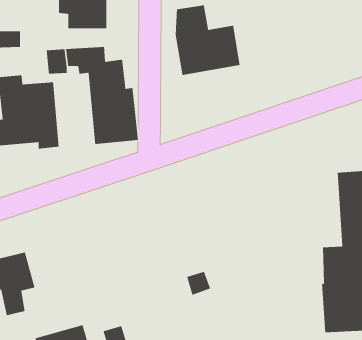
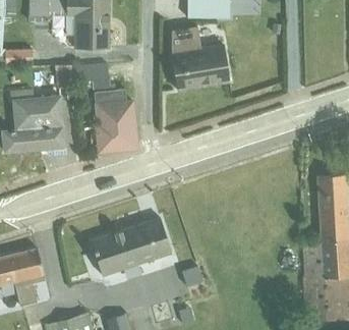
building: none -> [91,217,172,277]

